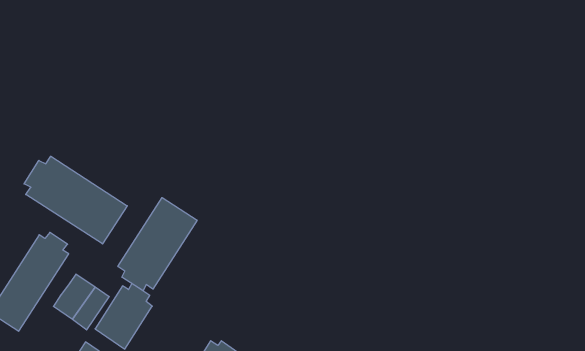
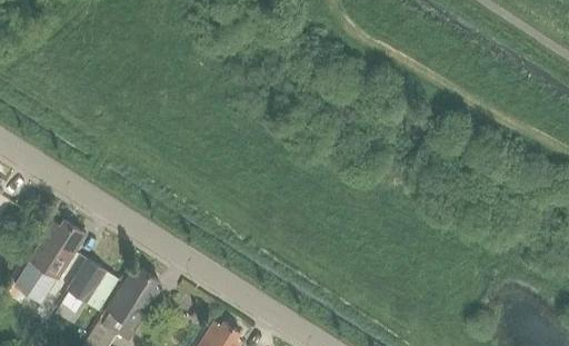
building: [24,156,127,244] -> none
building: [118,198,197,291] -> none

